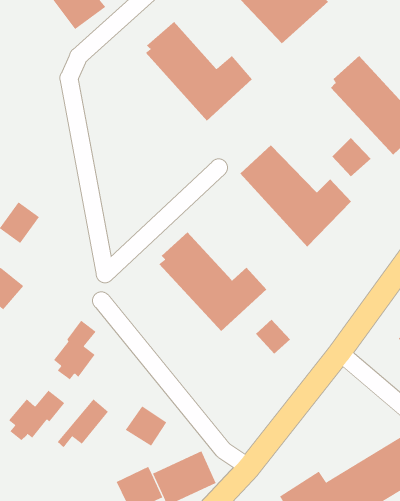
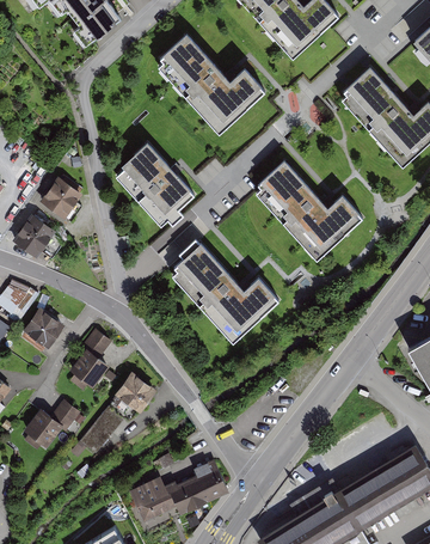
building: none -> [116,145,195,226]
building: [331,137,371,177] -> none
building: none -> [39,173,82,216]
building: none -> [22,308,63,352]
building: [255,319,291,355] -> none
building: [125,406,167,447] -> [113,372,155,412]

